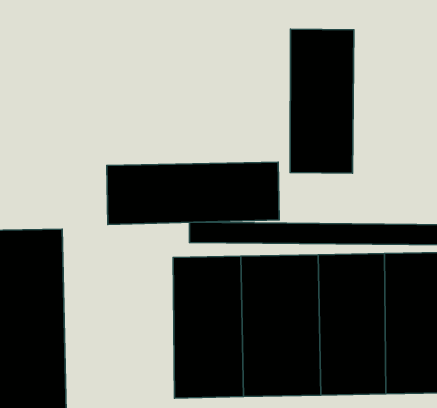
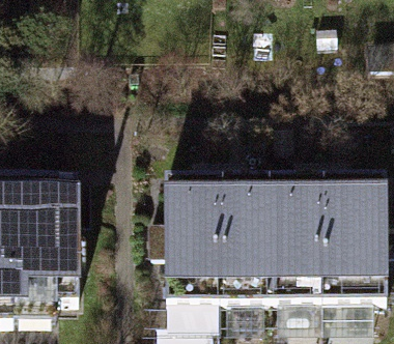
building: [290,29,354,173] -> none
building: [107,162,279,224] -> none

